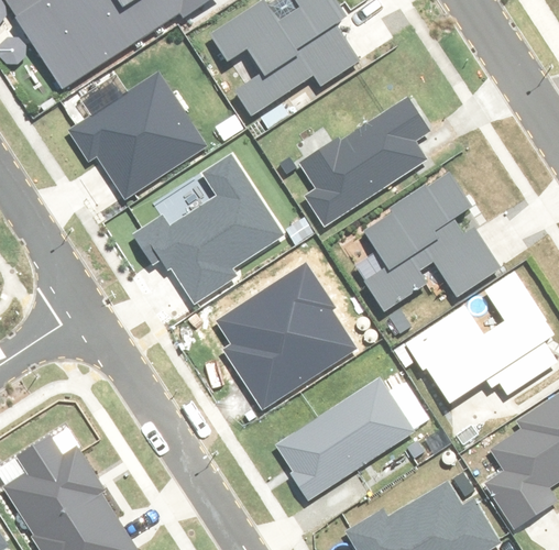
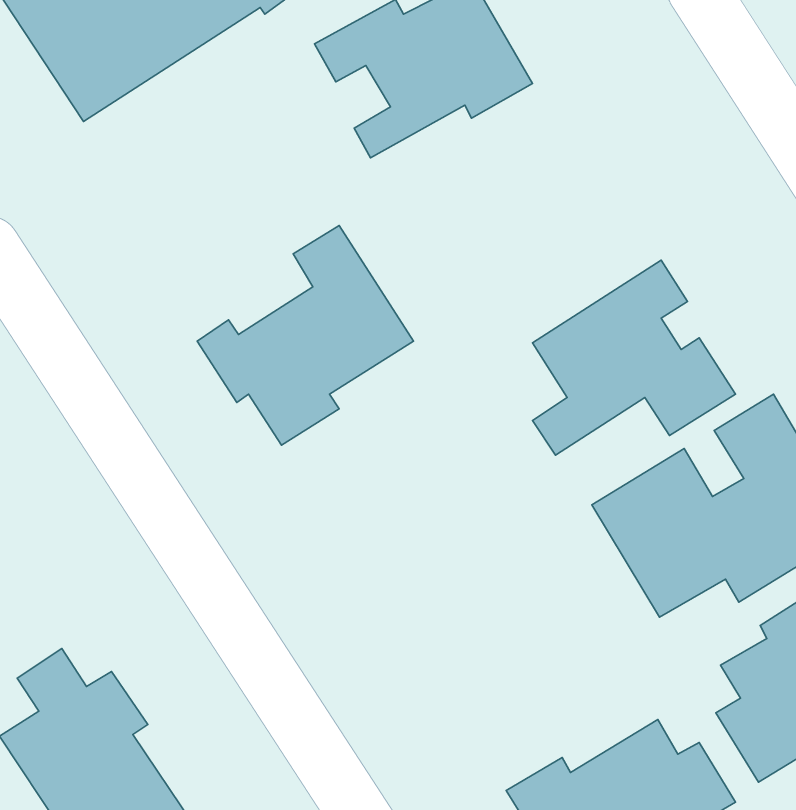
building: [70,75,207,200] -> none
building: [299,102,427,224] -> none
building: [216,264,358,407] -> none
building: [273,377,415,502] -> none

